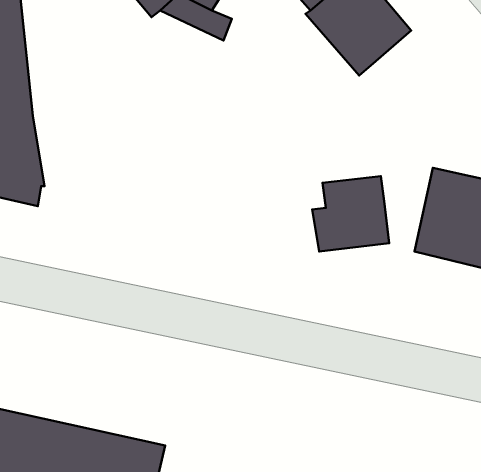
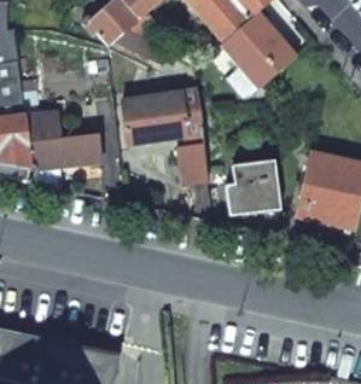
building: none -> [123,91,209,182]
building: none -> [24,114,101,168]

